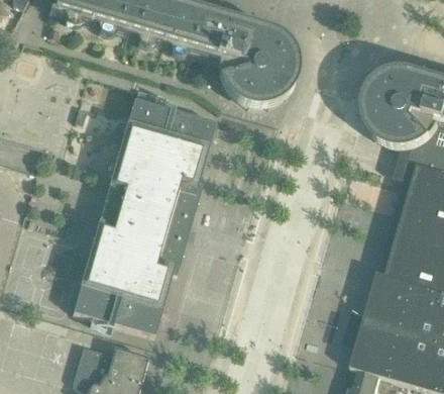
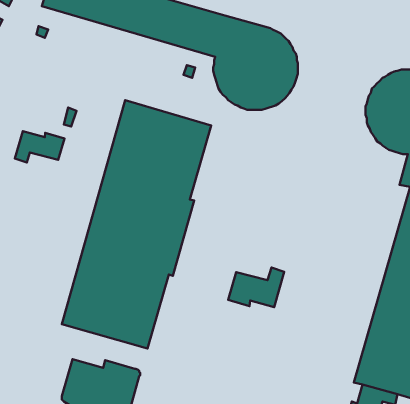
building: none -> [15,131,64,162]
building: none -> [228,267,284,307]

